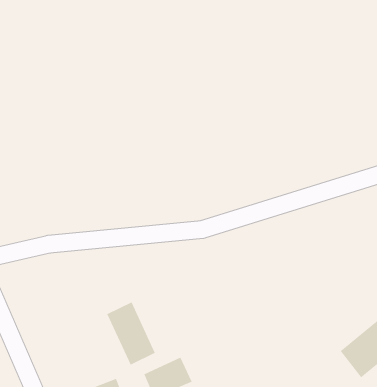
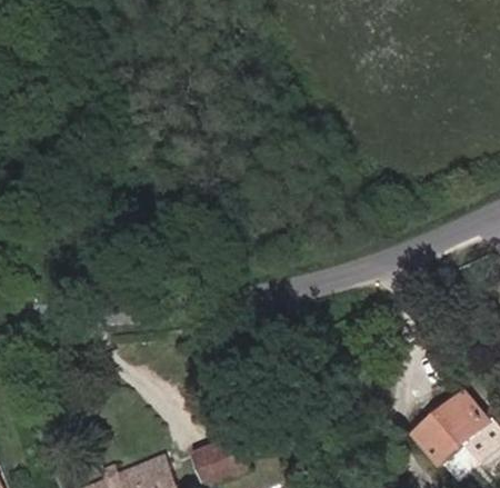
building: [107,301,156,365] -> none

